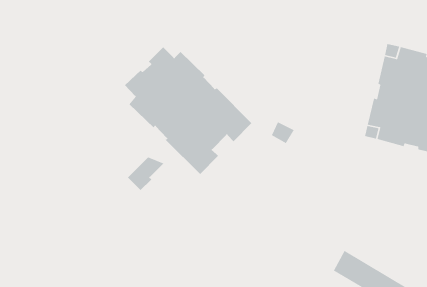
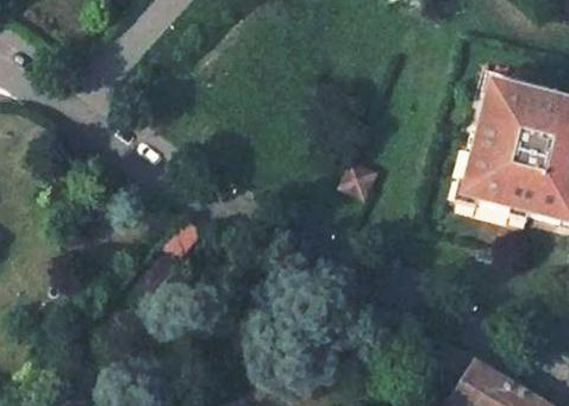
building: [124,47,252,175] -> none

